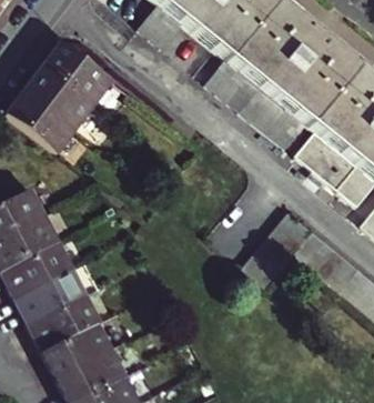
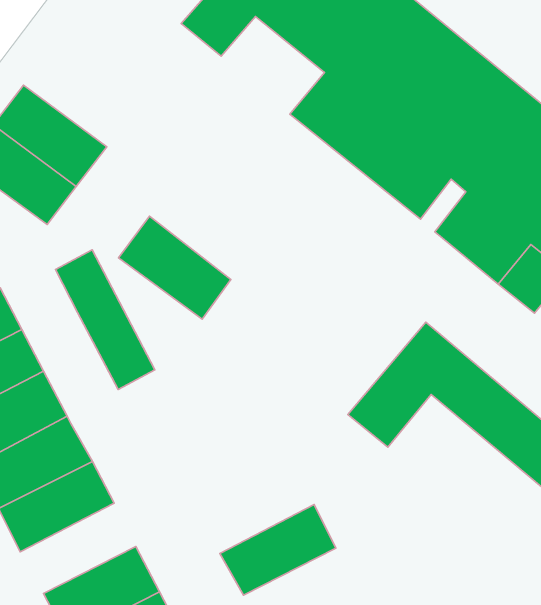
building: [43,40,112,103] -> [119,216,231,319]
building: none -> [56,250,155,389]
building: [41,322,112,377] -> [220,505,336,595]

